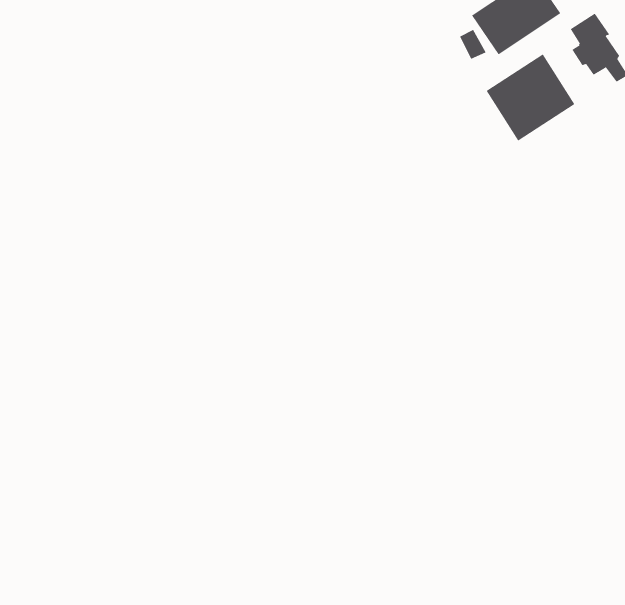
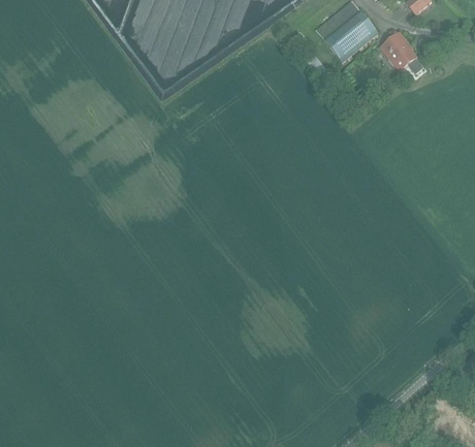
building: [486,54,575,141] -> none

